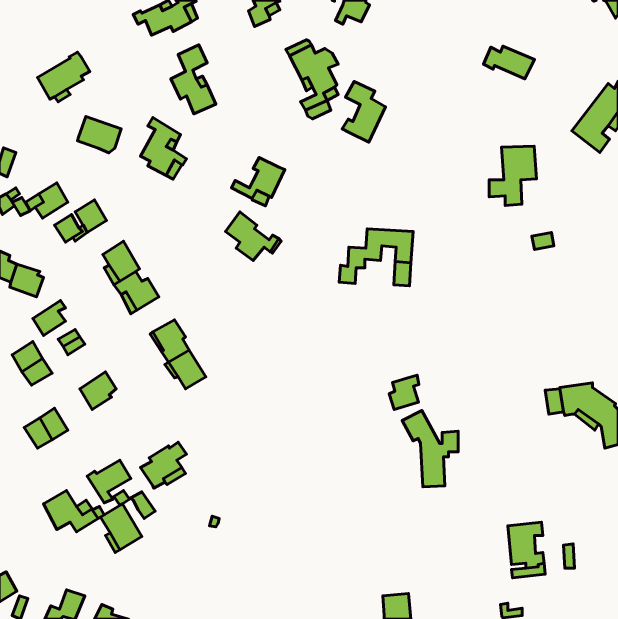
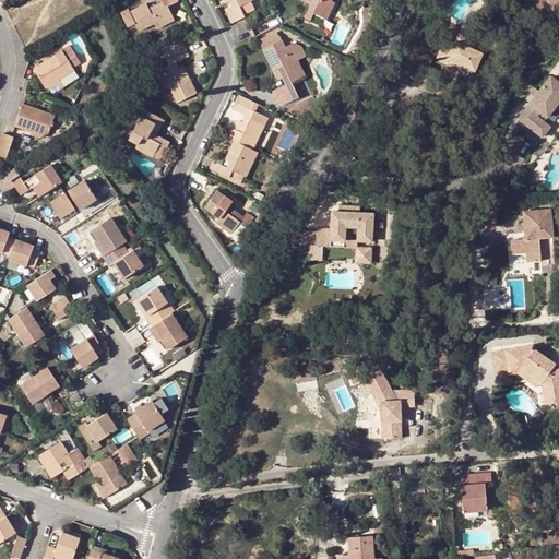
building: [342,82,386,142] -> [227,96,266,151]
building: [77,117,121,153] -> [15,105,55,138]
building: [489,146,537,205] -> [510,209,552,262]
building: [389,375,419,410] -> none

